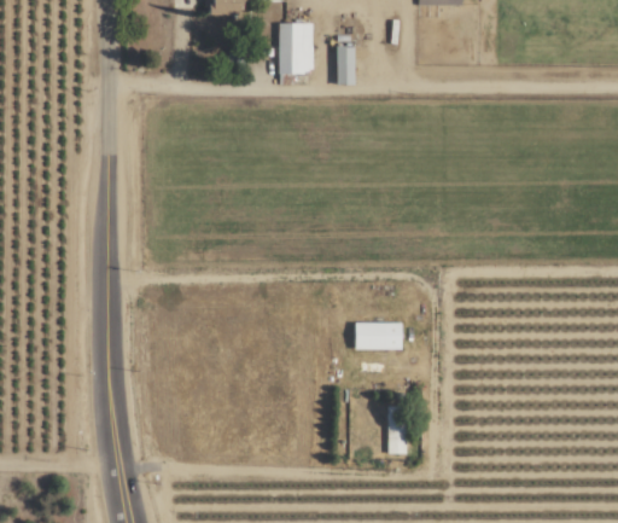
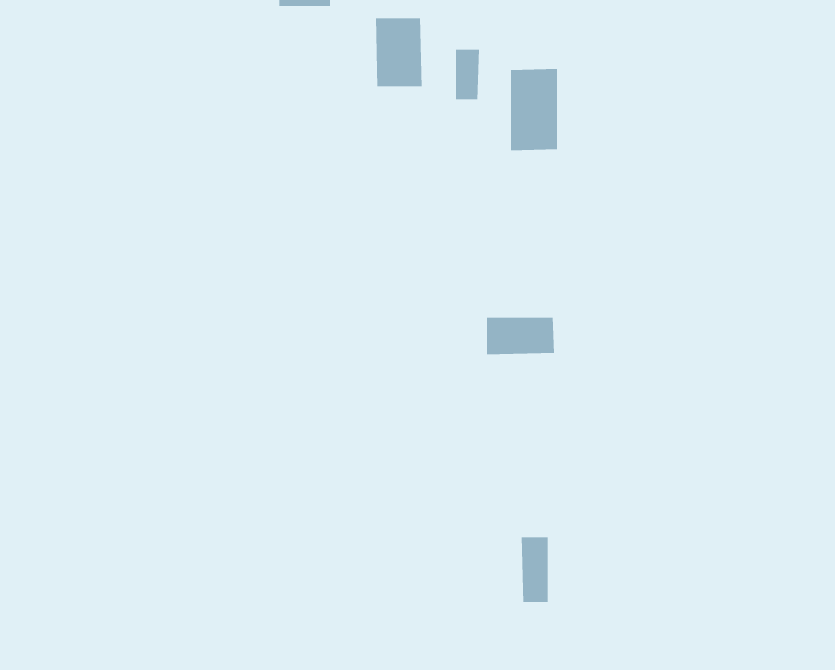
building: none -> [510,68,557,151]
building: [352,322,403,350] -> [486,317,555,355]

